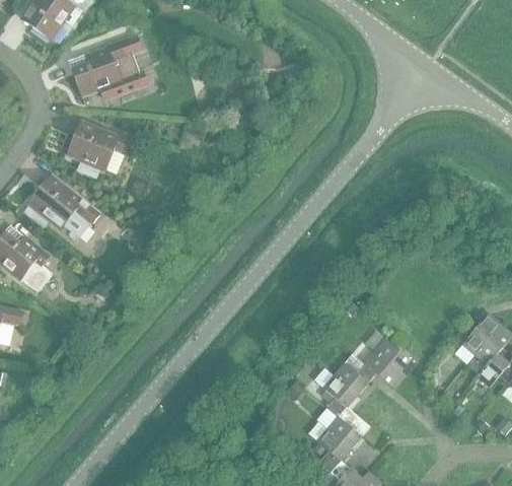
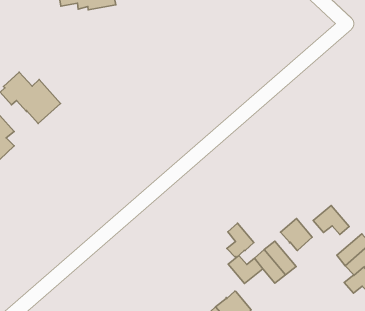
building: [67,128,126,176] -> none
building: none -> [313,206,349,235]
building: none -> [280,219,312,250]
building: [321,373,355,415] -> [227,223,254,258]

